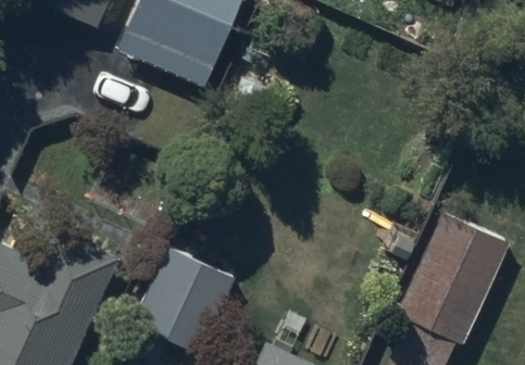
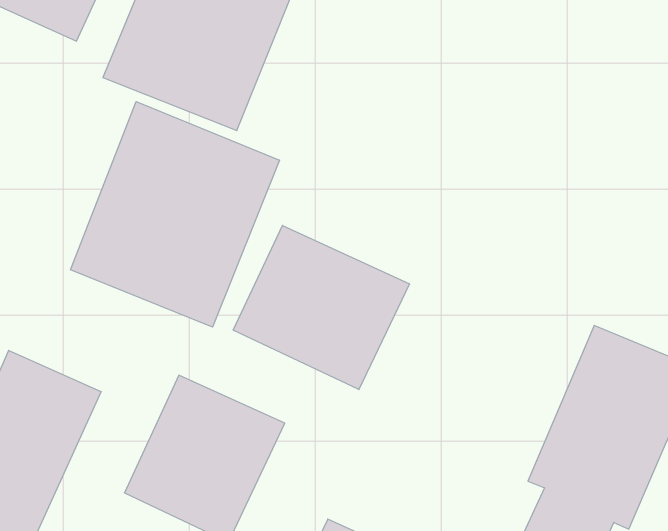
building: none -> [70,102,279,327]
building: none -> [233,225,410,390]

